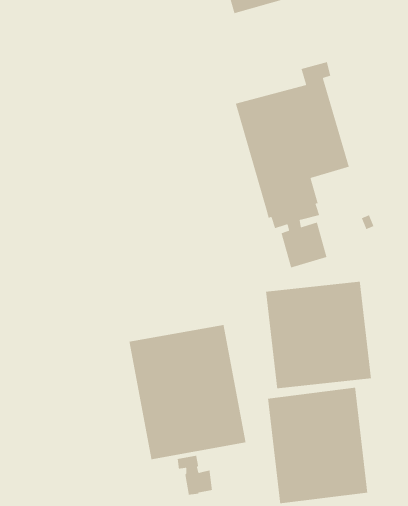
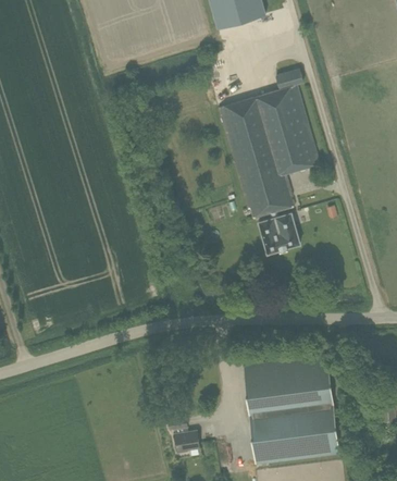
building: [265,281,372,389] -> none
building: [128,324,246,460] -> none

